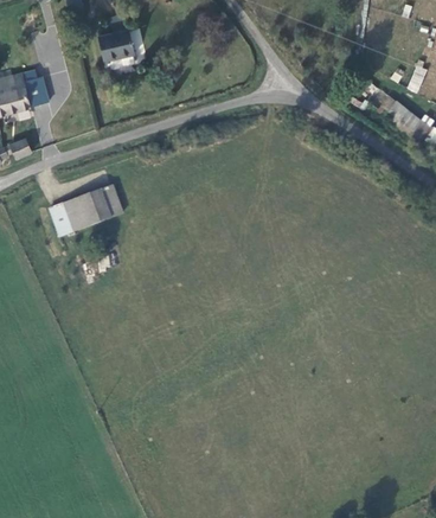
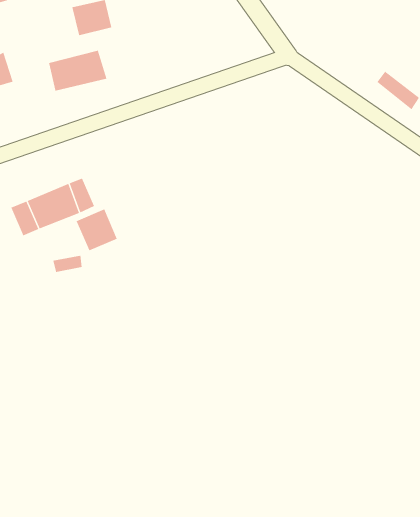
building: none -> [48,50,107,92]
building: none -> [76,209,118,251]

